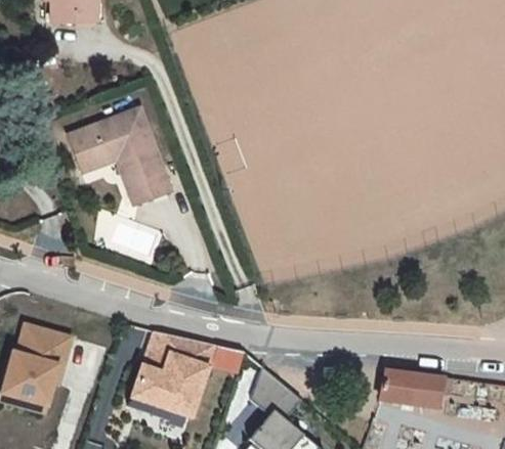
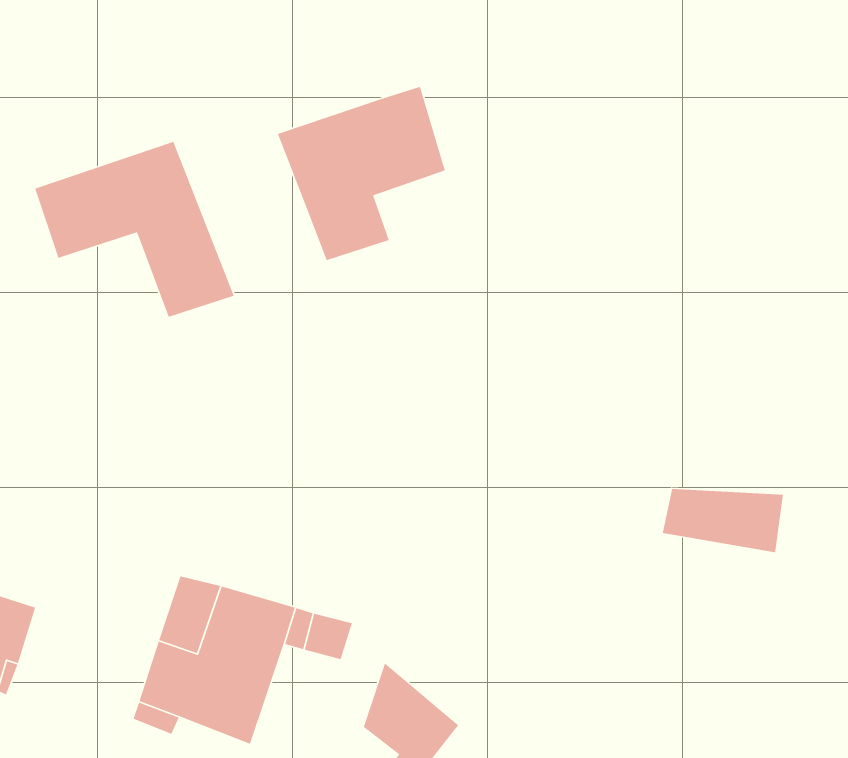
building: none -> [277,86,446,261]
building: [384,376,448,410] -> [662,488,784,553]

